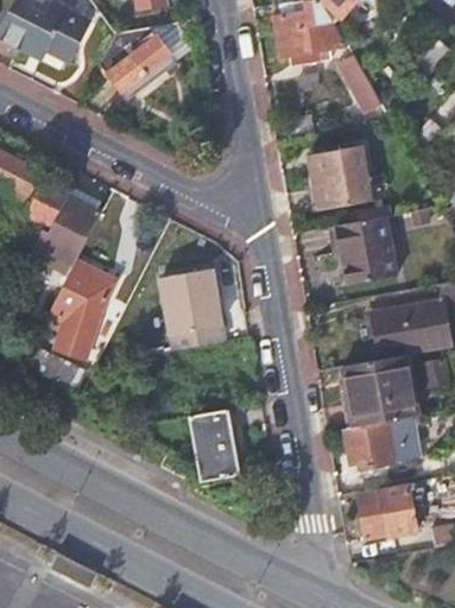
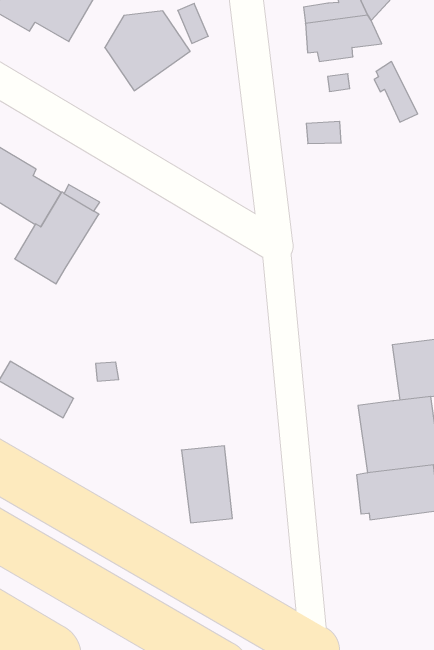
building: [309,146,371,210] -> none
building: [336,215,397,284] -> none
building: [48,261,115,362] -> none
building: [160,268,220,348] -> none
building: [356,484,415,539] -> none

